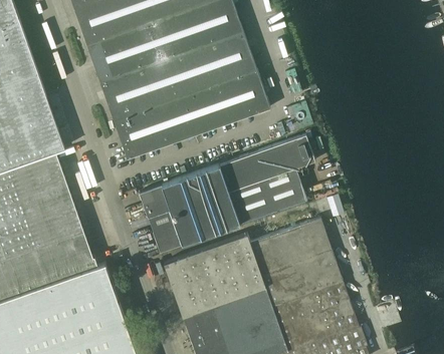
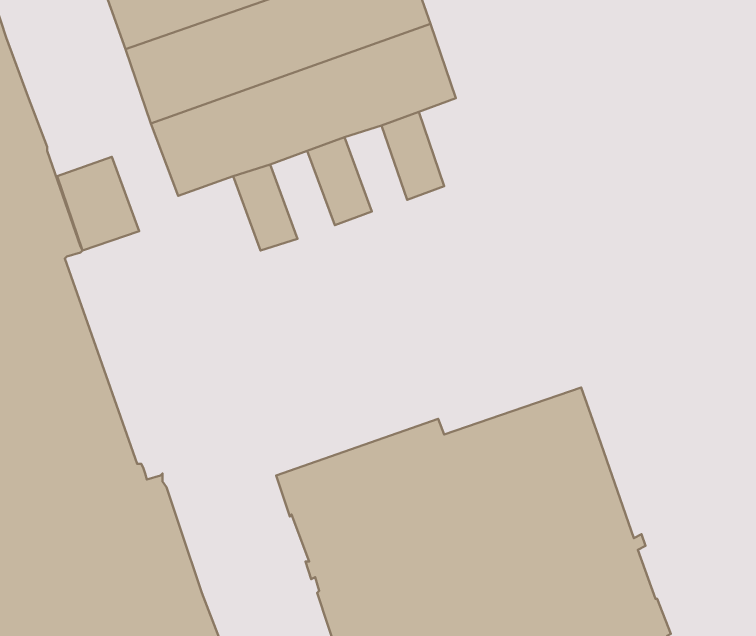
building: [237,70,270,115] -> none
building: [199,84,231,128] -> none
building: [161,97,194,142] -> none
building: [114,110,156,158] -> [57,157,139,251]
building: [139,135,314,252] -> none

